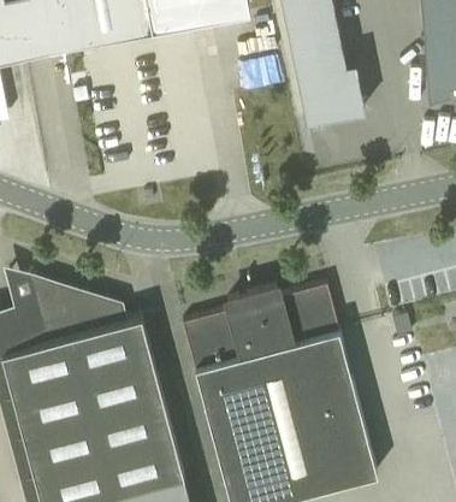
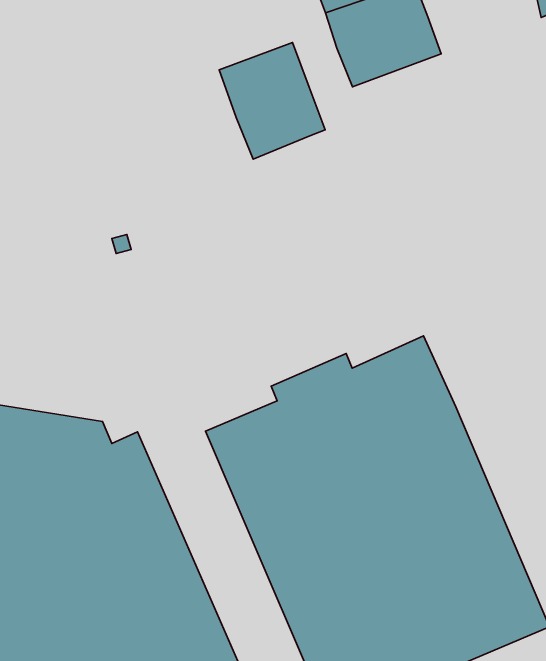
building: none -> [219,43,325,159]

